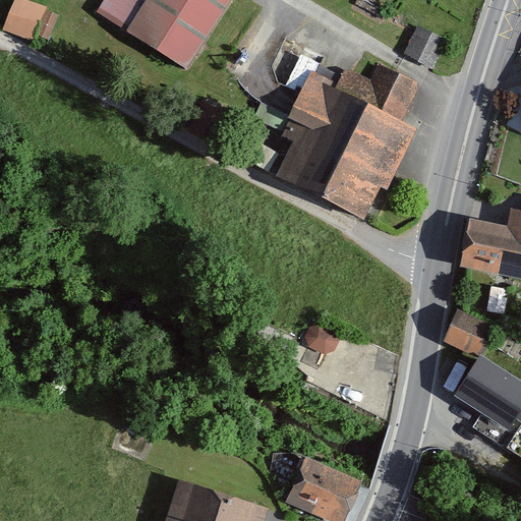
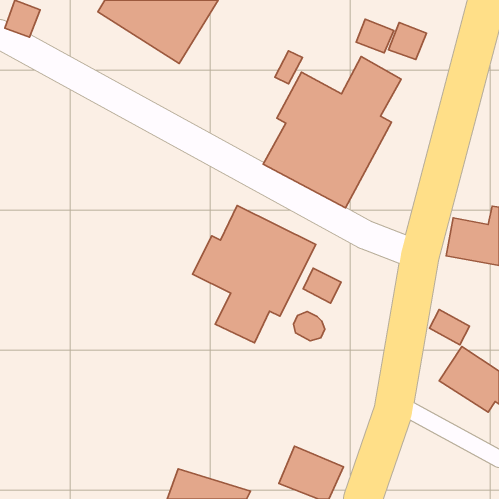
building: none -> [356,19,394,53]
building: none -> [193,205,316,343]
building: none -> [303,268,341,303]

